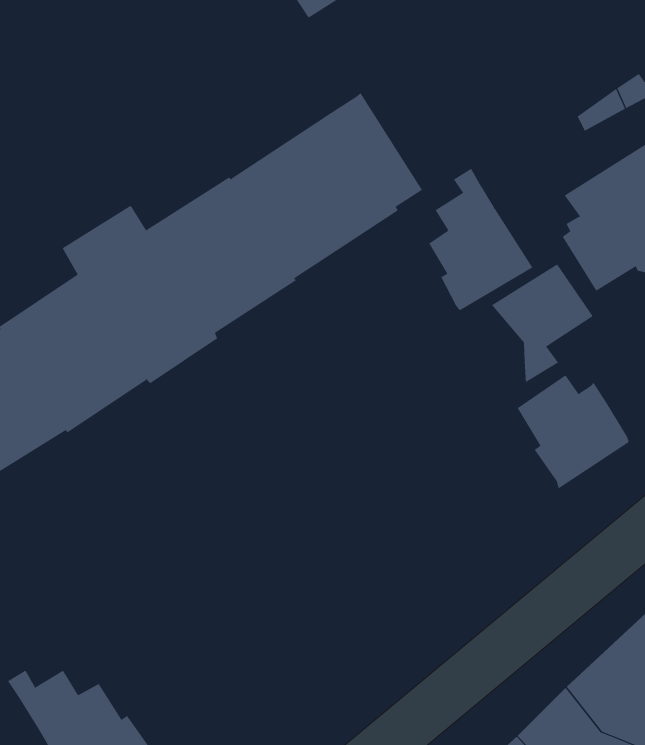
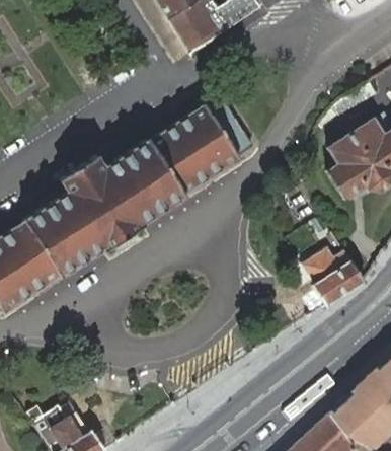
building: [428,168,533,311] -> none
building: [491,264,594,383] -> none

